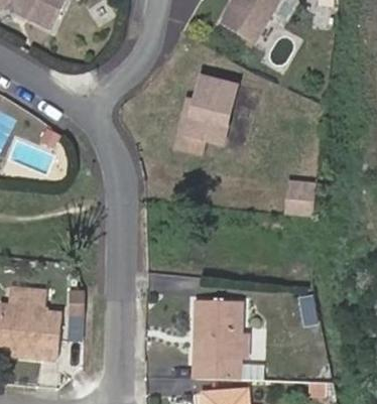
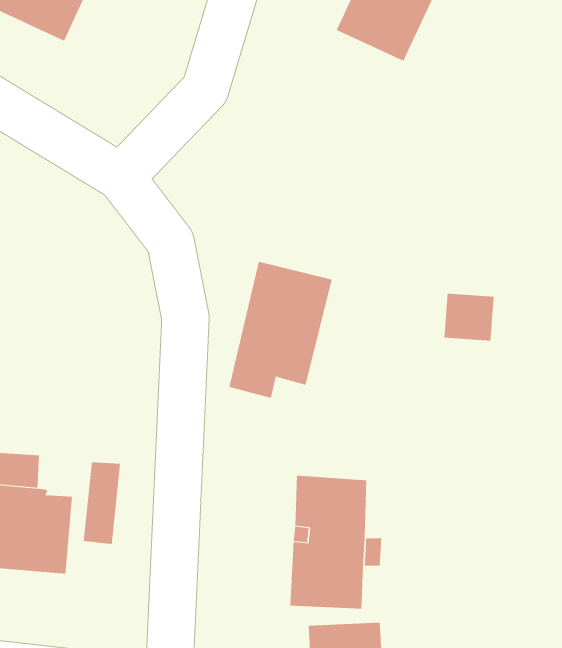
building: [177,72,241,155] -> [228,261,333,399]

